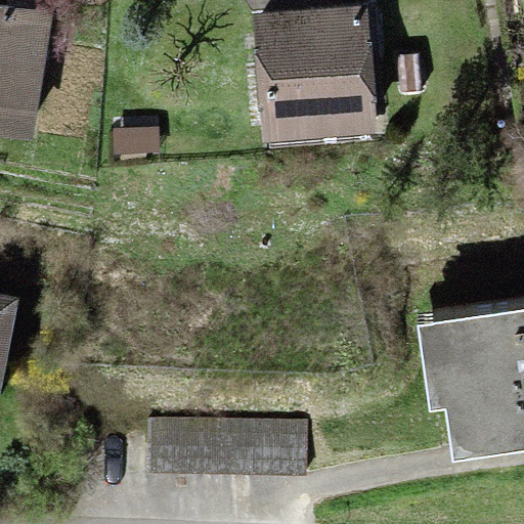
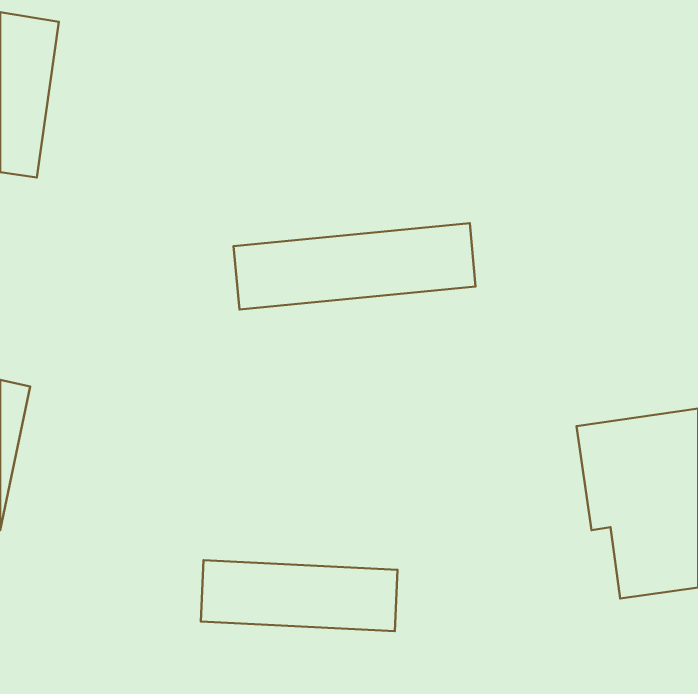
building: [258,5,374,150] -> none
building: none -> [234,223,475,310]

